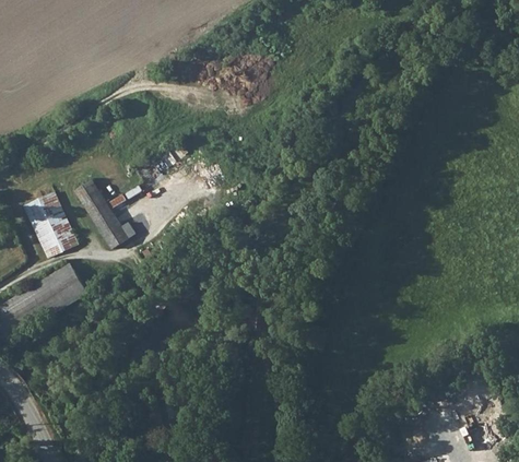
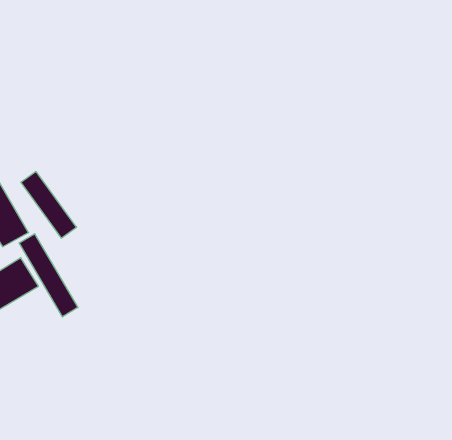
building: none -> [19,234,78,317]

